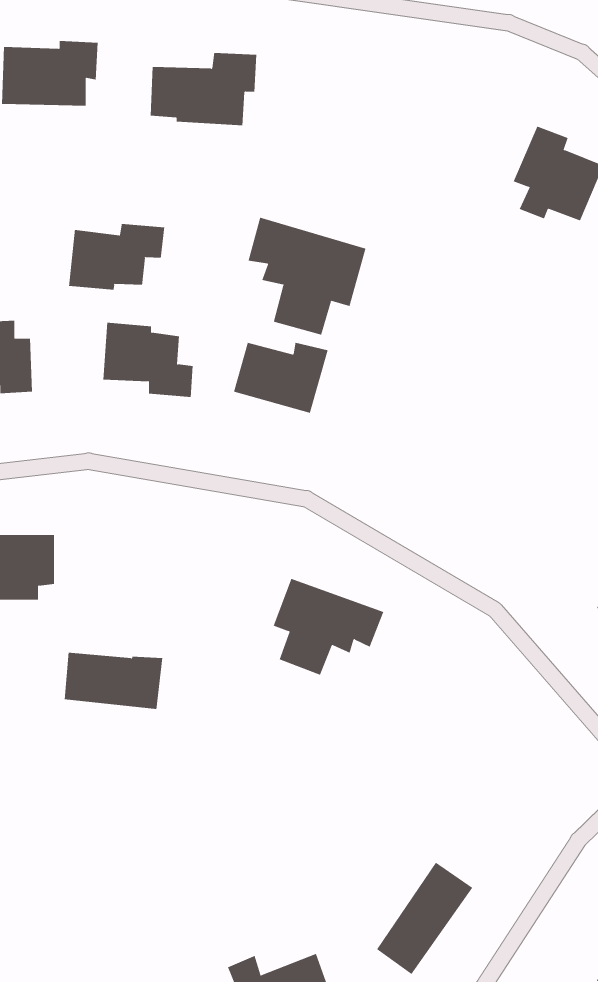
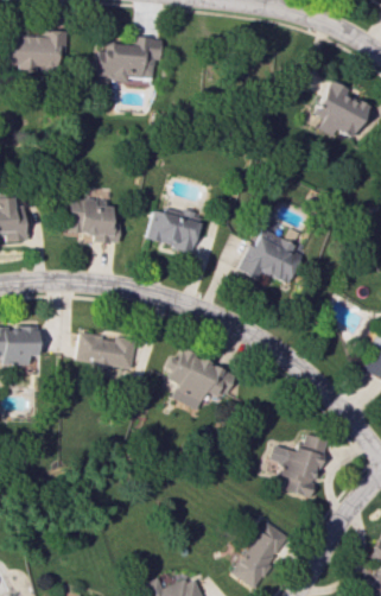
building: [248,217,366,335] -> none
building: [69,223,165,290] -> none
building: none -> [242,227,306,284]
building: [64,652,163,710] -> [78,334,138,368]
building: none -> [273,435,329,497]

